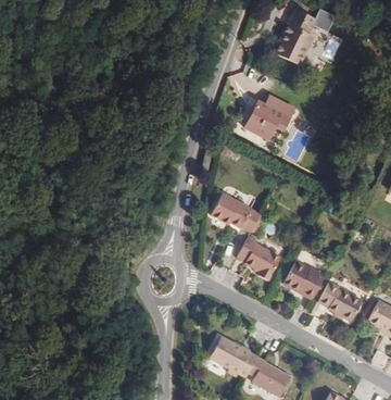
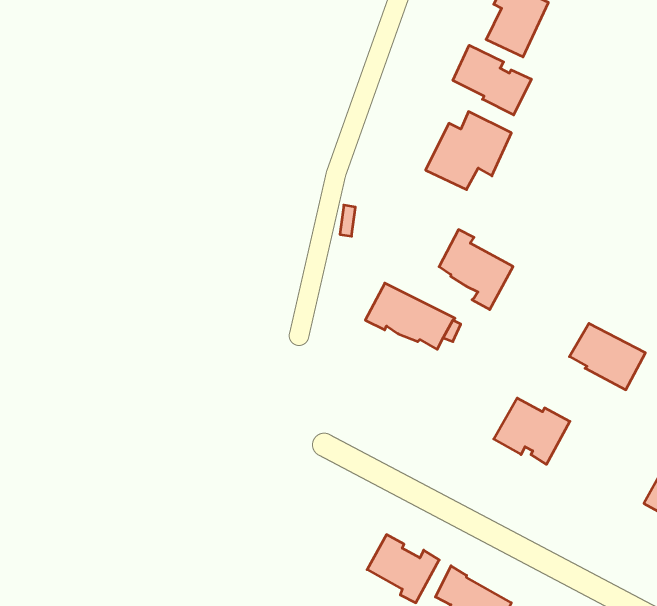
building: none -> [453,45,531,115]
building: [238,236,279,280] -> [439,230,513,310]
building: [317,282,360,318] -> [569,323,645,390]

